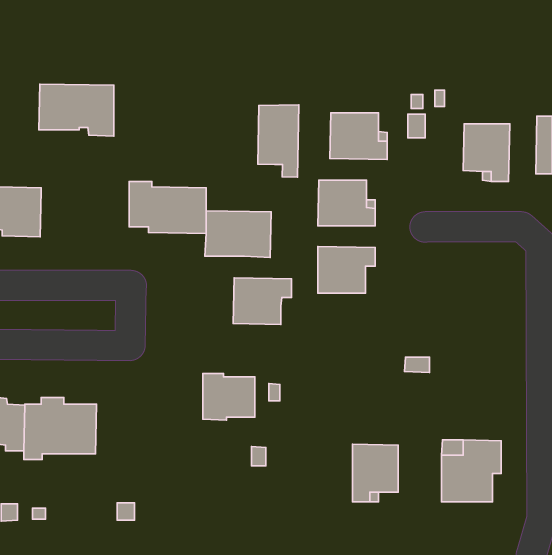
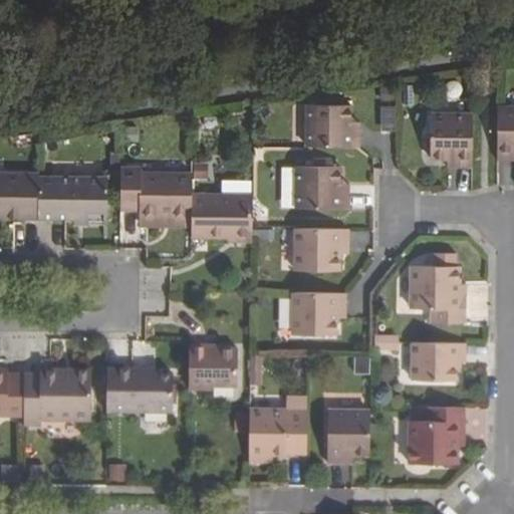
building: [39,84,114,136] -> [37,177,106,225]
building: [258,105,299,177] -> none
building: none -> [410,254,465,323]
building: [233,278,292,325] -> [291,292,345,335]
building: none -> [412,342,465,380]
building: none -> [105,367,172,412]
building: none -> [248,410,306,463]

